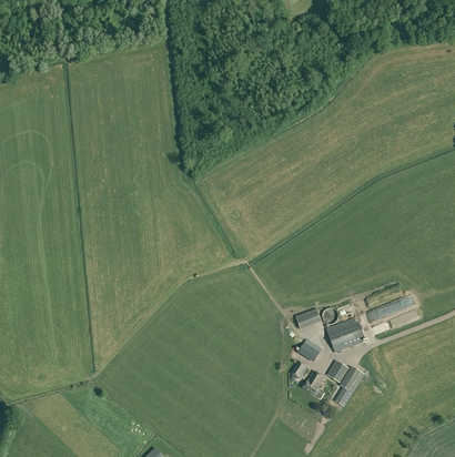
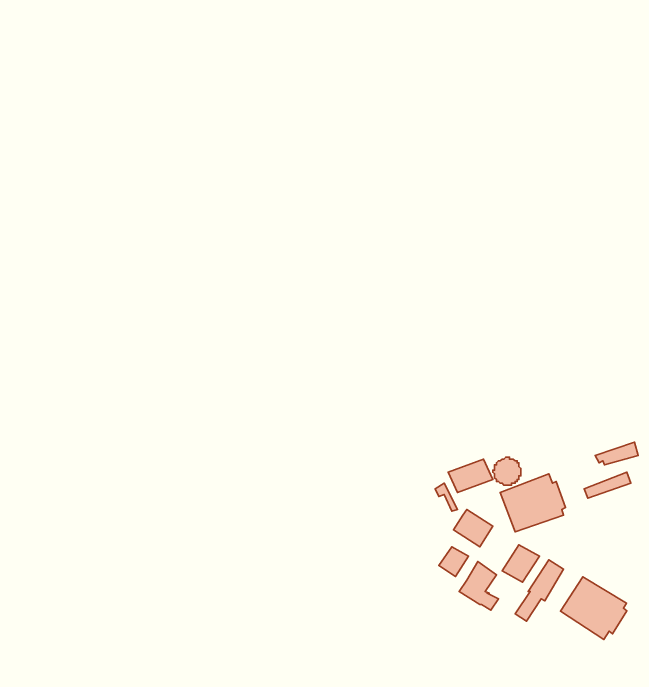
building: none -> [560,577,627,639]

